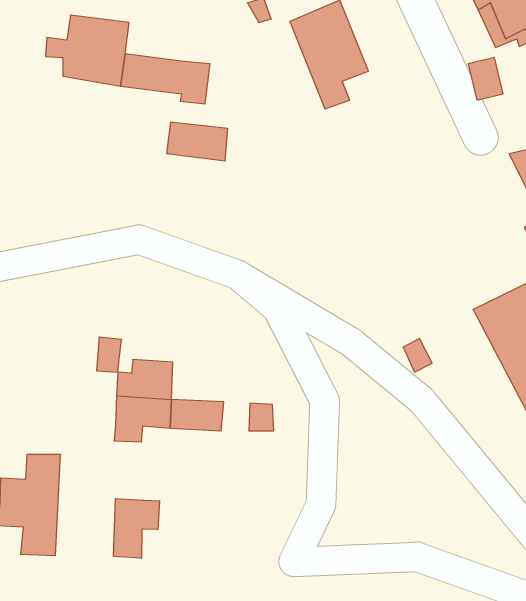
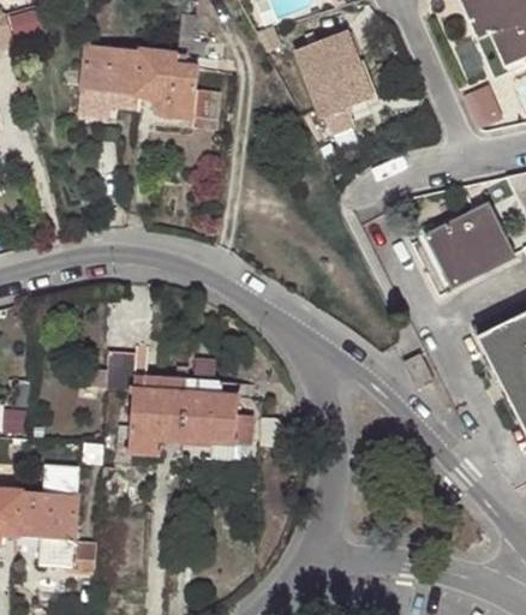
building: [167,122,228,161] -> [139,50,198,88]
building: none -> [426,204,516,287]
building: none -> [184,359,235,416]
building: [113,499,159,558] -> none

